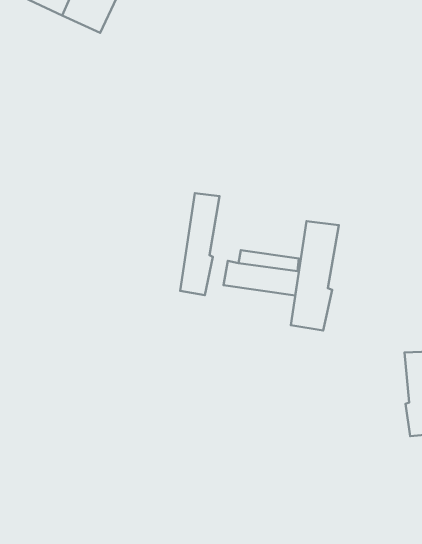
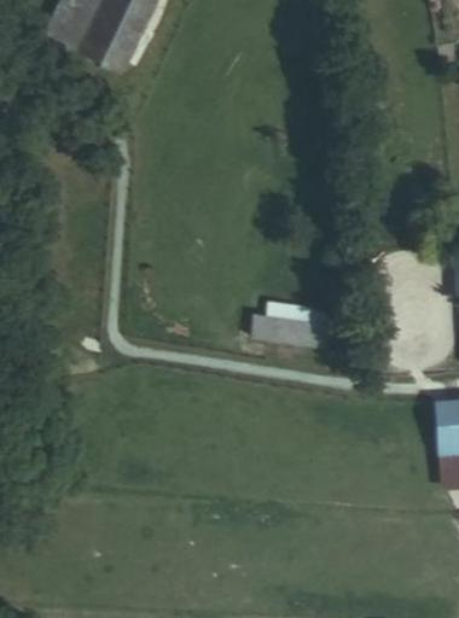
building: [180,193,220,295] -> none
building: [291,221,339,331] -> none

